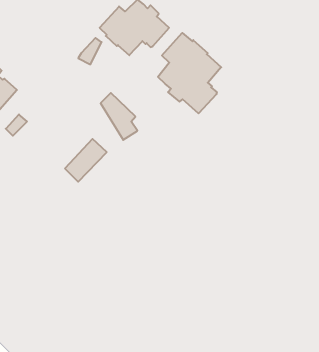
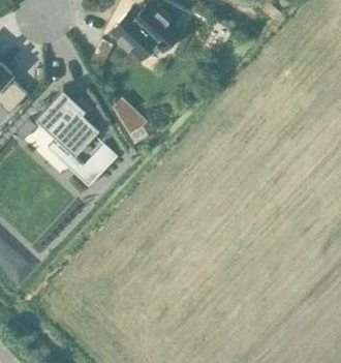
building: [158,33,221,113] -> none
building: none -> [35,89,99,155]

